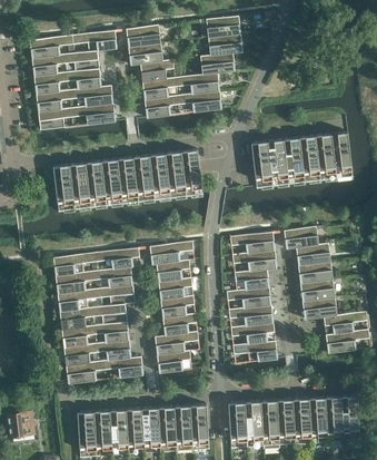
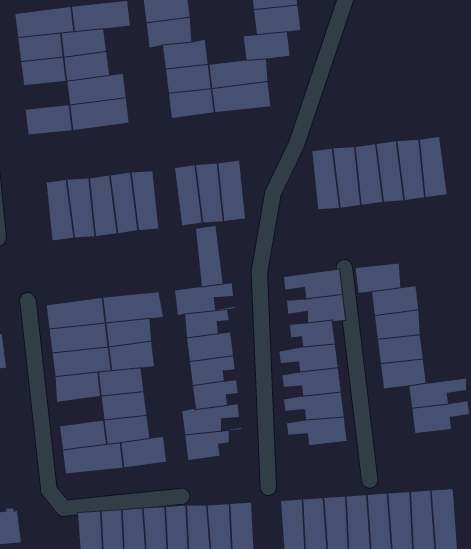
building: [36,90,70,111] -> none
building: [132,155,153,200] -> [195,225,224,287]
building: [60,325,96,348] -> none

